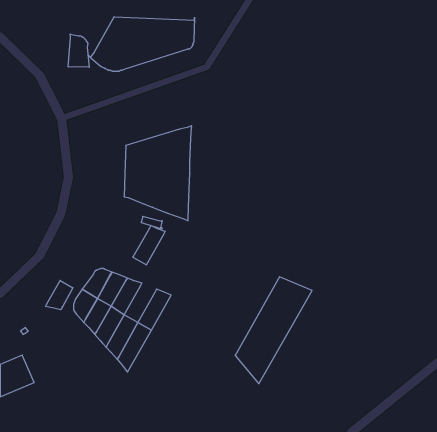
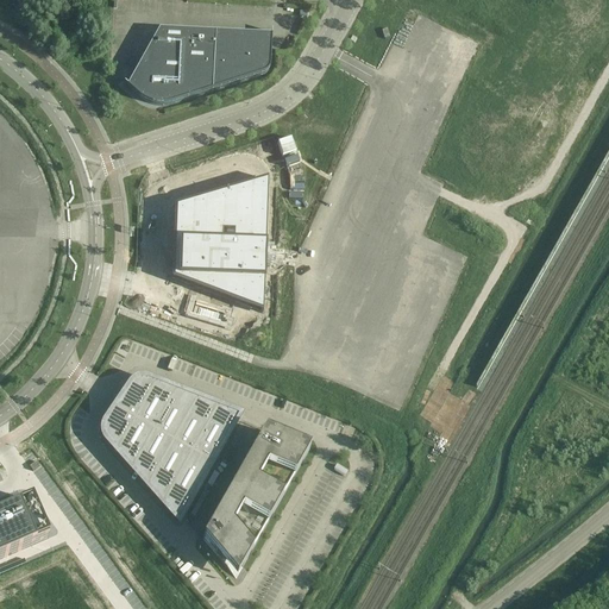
building: [68,34,89,67] -> none
building: [133,225,165,265] -> [172,394,218,448]
building: [235,277,312,384] -> [202,425,309,573]
building: [46,280,73,310] -> none

